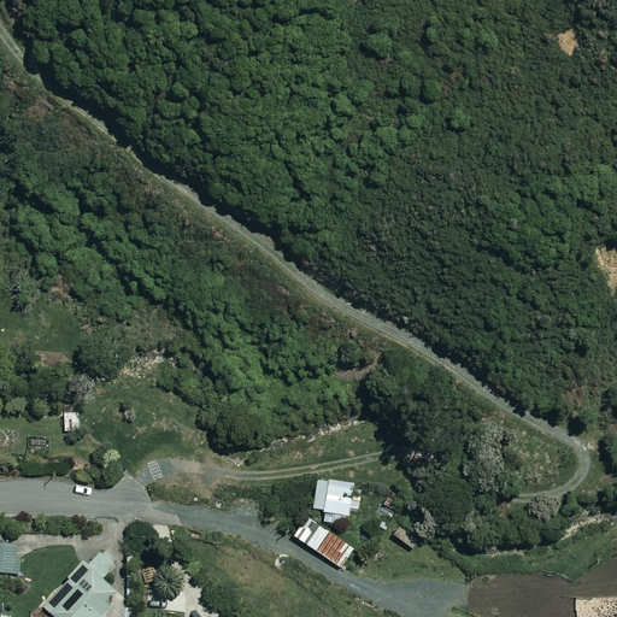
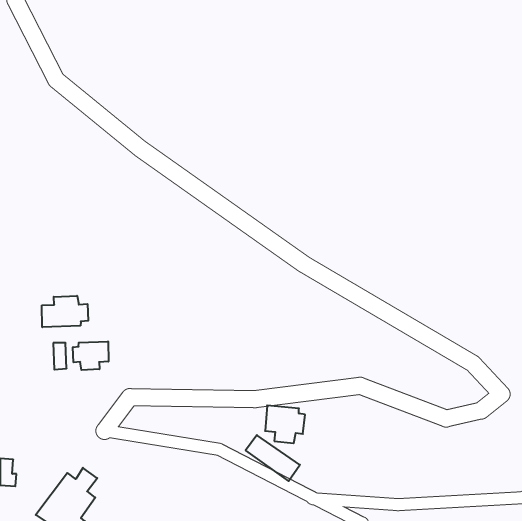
building: none -> [42,296,88,327]
building: none -> [73,341,108,370]

